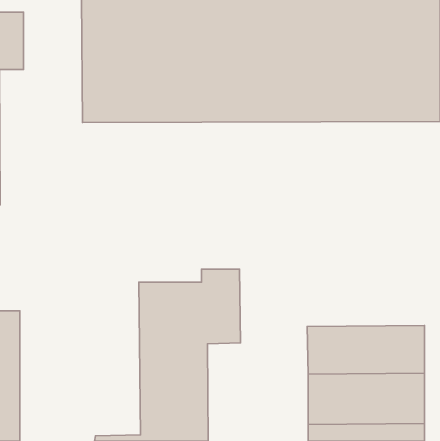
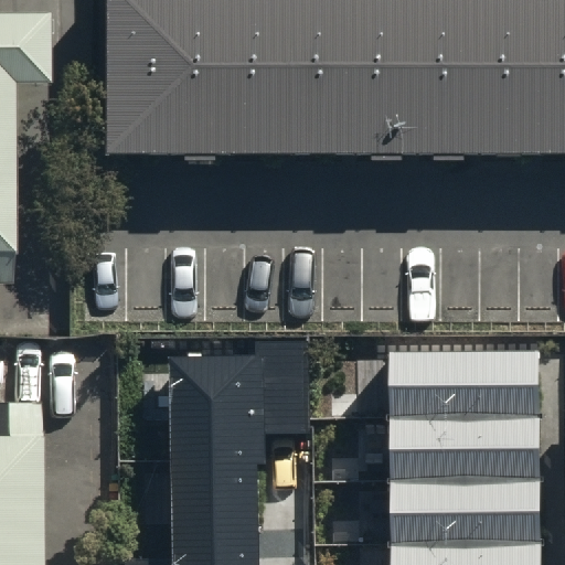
building: none -> [391,351,540,415]

